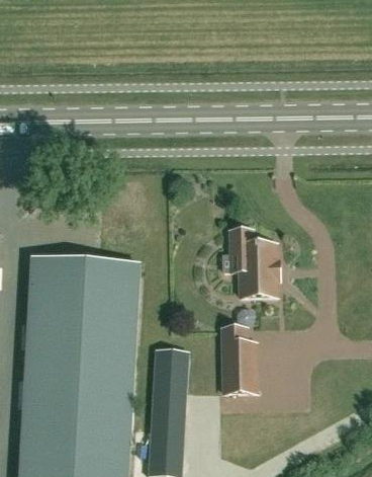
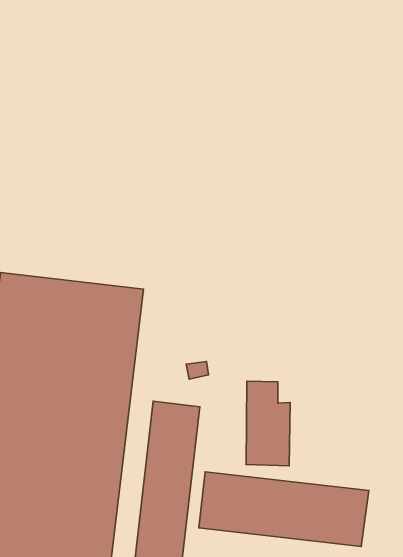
building: [222,229,279,295] -> none
building: none -> [199,472,369,546]

